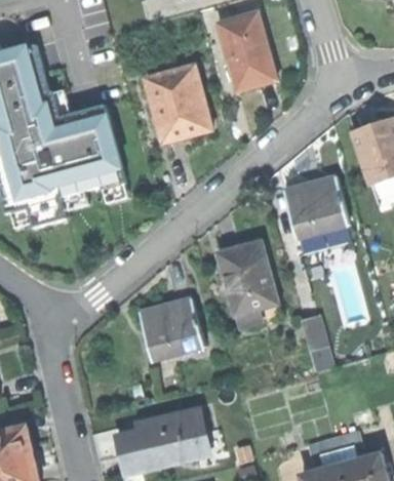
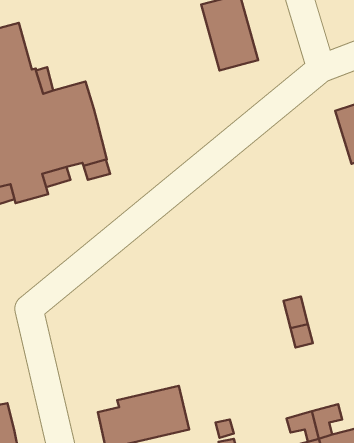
building: [146,64,211,142] -> none
building: [283,179,346,240] -> none
building: [219,241,279,315] -> none
building: [142,295,204,352] -> none

